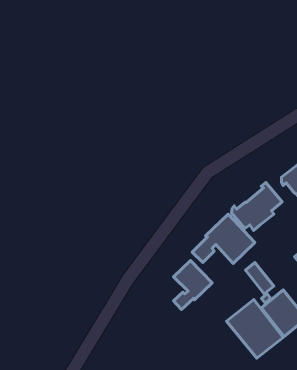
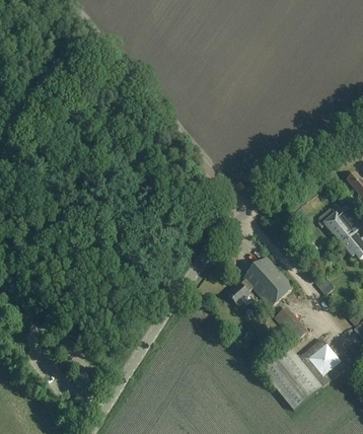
building: [232,182,282,230] -> none
building: [173,260,212,309] -> none

